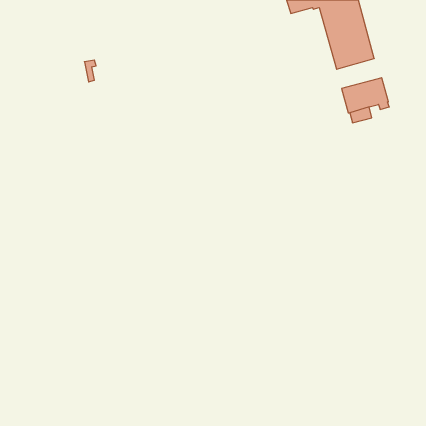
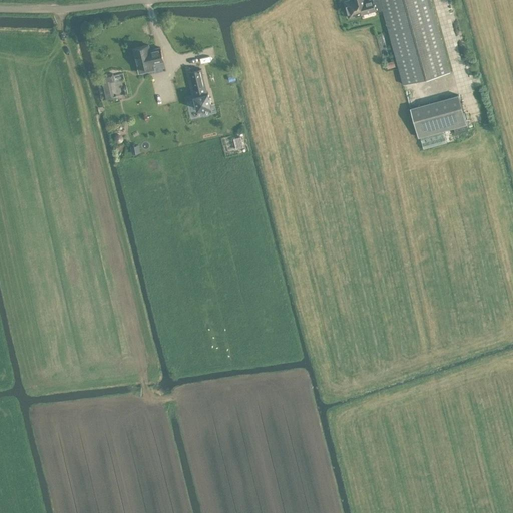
building: none -> [133,44,163,72]
building: none -> [189,69,211,109]

